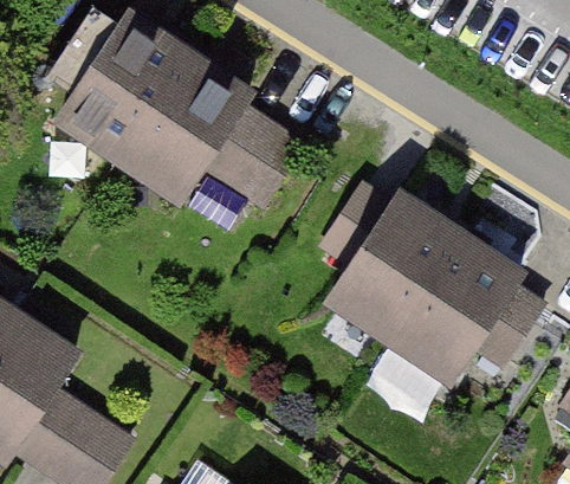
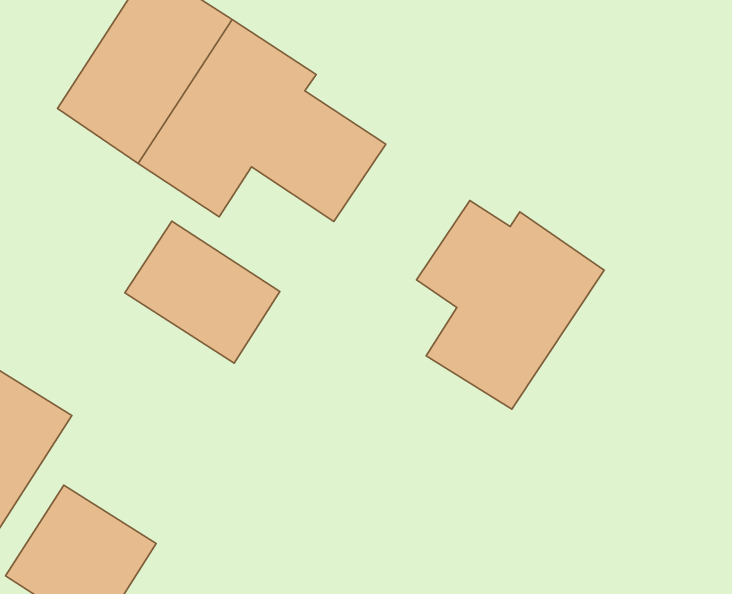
building: none -> [125,221,280,363]
building: [393,238,543,380] -> none

